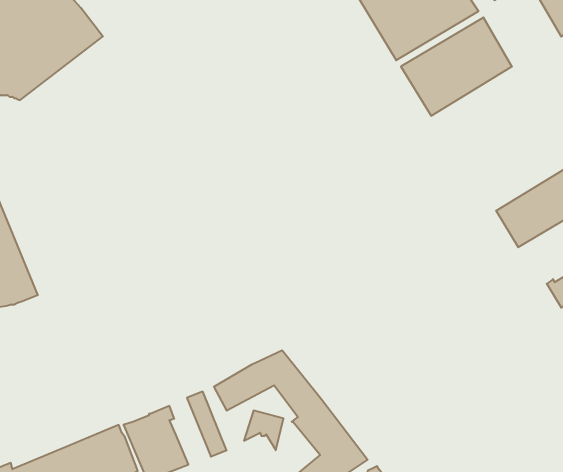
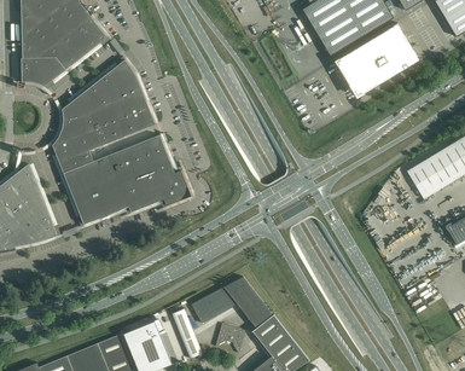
building: none -> [52,59,190,224]

